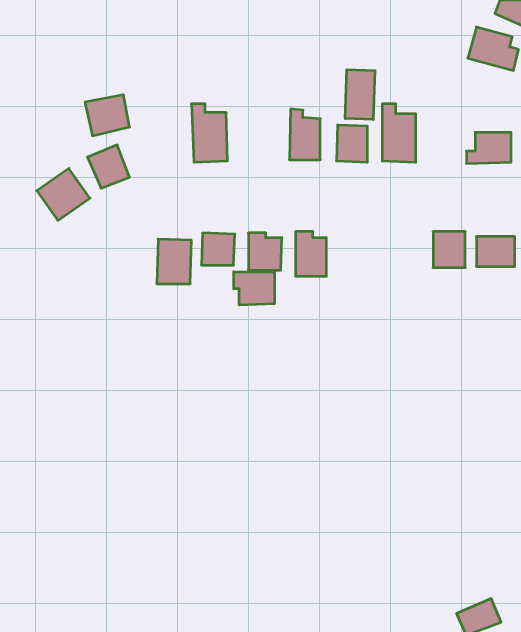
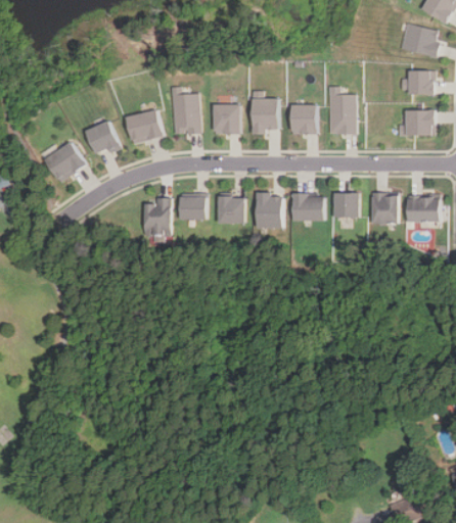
building: [345,70,375,120] -> none
building: none -> [400,70,434,94]
building: [85,95,130,136] -> [126,110,163,144]
building: none -> [213,104,240,135]
building: none -> [292,193,324,222]
building: none -> [333,193,359,218]
building: [234,272,274,305] -> none

